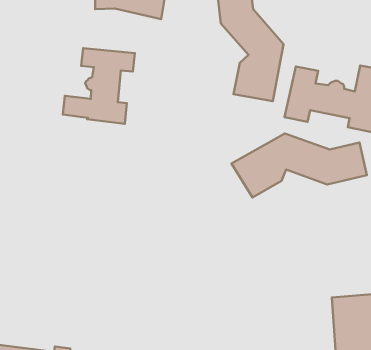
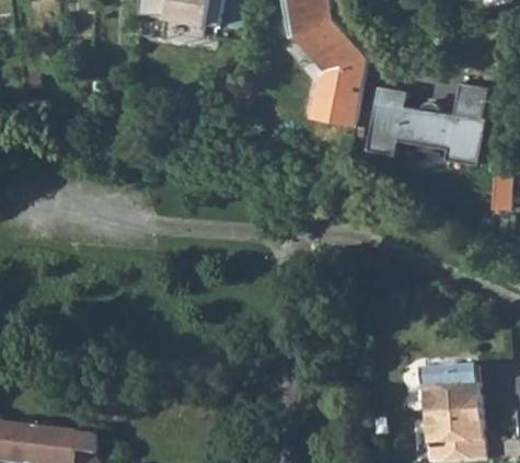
building: [63,48,135,124] -> none
building: [232,133,367,198] -> none

